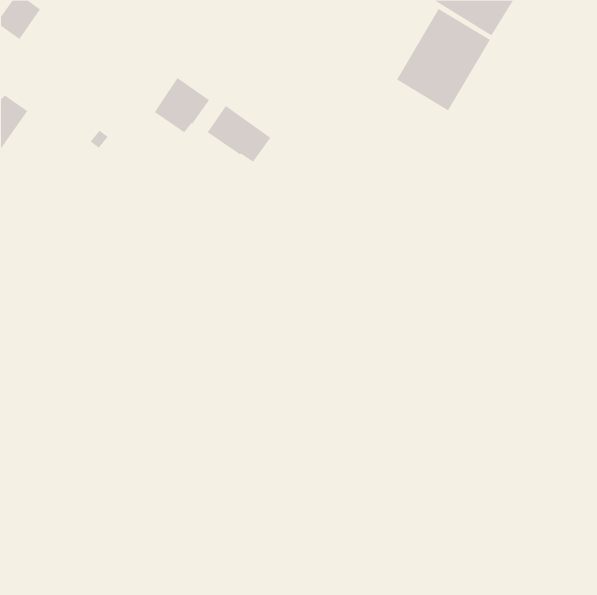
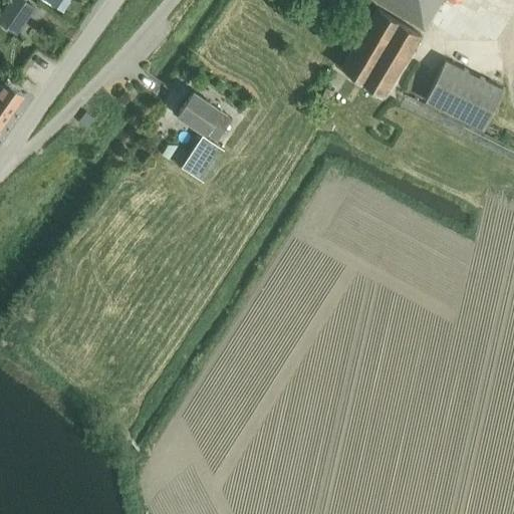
building: none -> [425,62,503,132]
building: [154,77,210,133] -> none
building: none -> [181,136,224,183]

